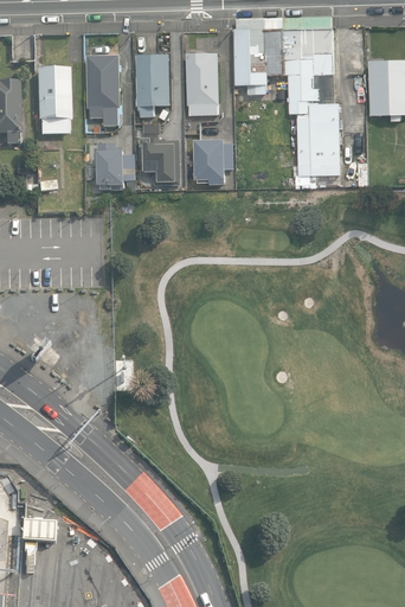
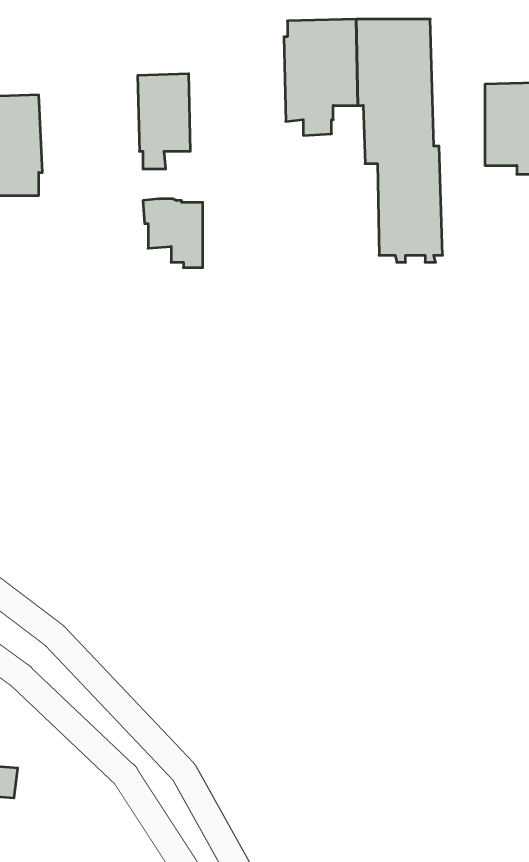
building: [185,52,218,115] -> none
building: [85,53,121,126] -> none
building: [193,139,233,184] -> none
building: [96,142,135,190] -> none

